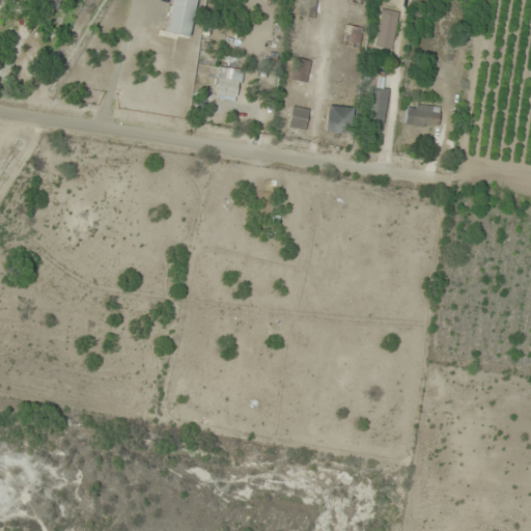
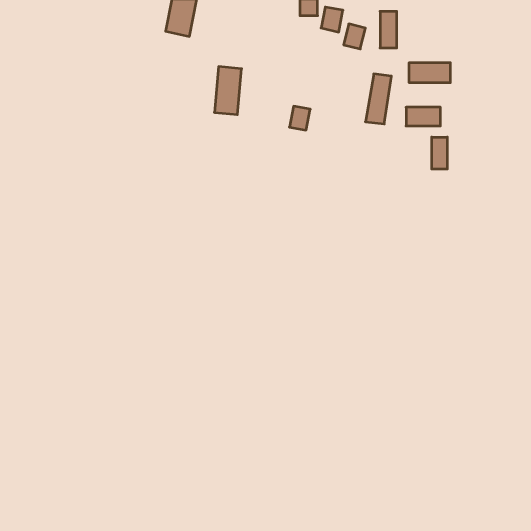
building: [290,57,312,82] -> [321,7,343,32]
building: none -> [409,63,450,83]
building: [327,105,354,134] -> none
building: none -> [432,137,447,169]

